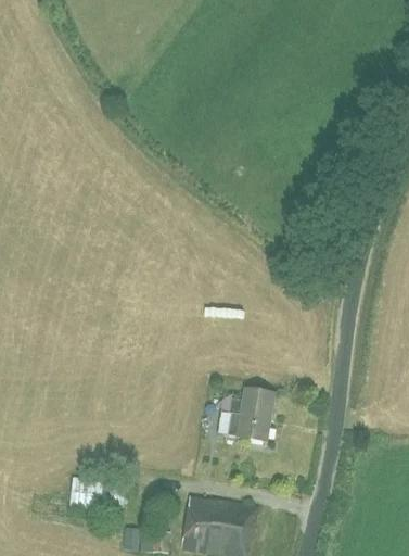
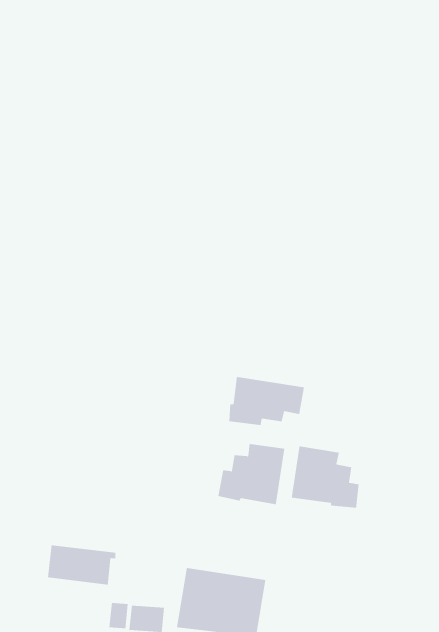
building: none -> [229,376,305,426]
building: none -> [291,445,359,509]

